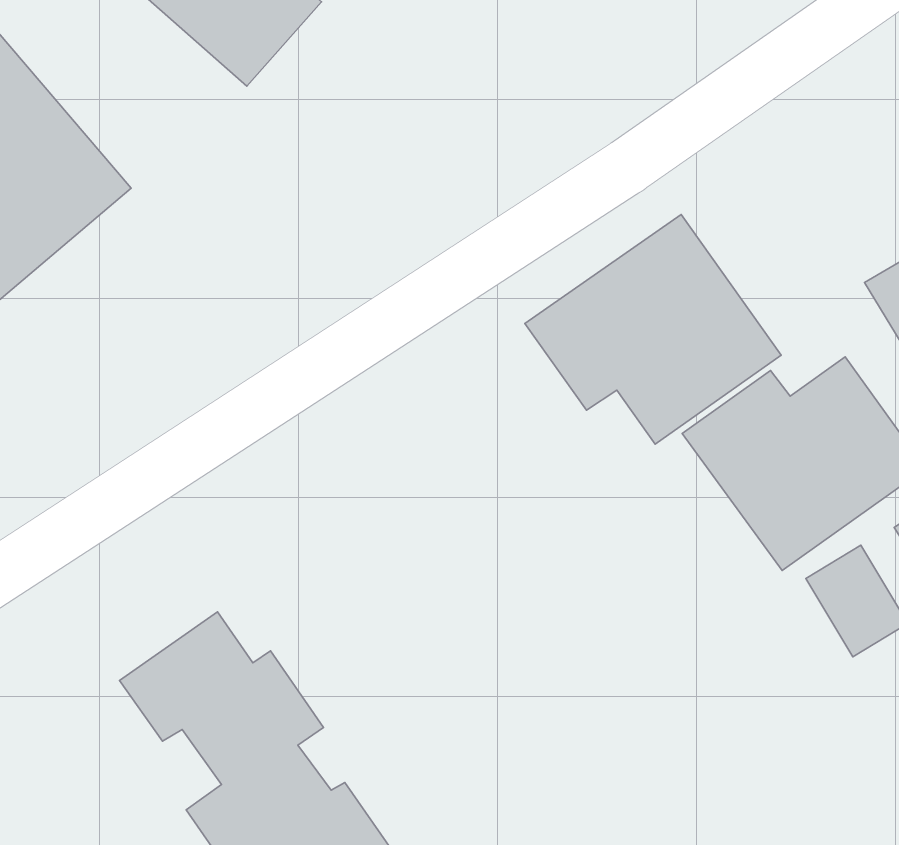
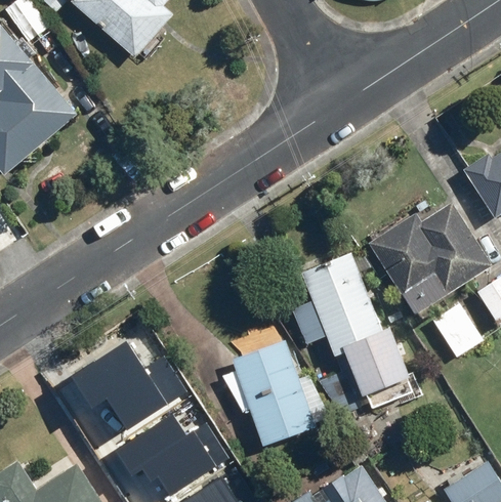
building: [525,214,781,444] -> none
building: none -> [293,254,411,408]
building: none -> [225,341,329,451]

